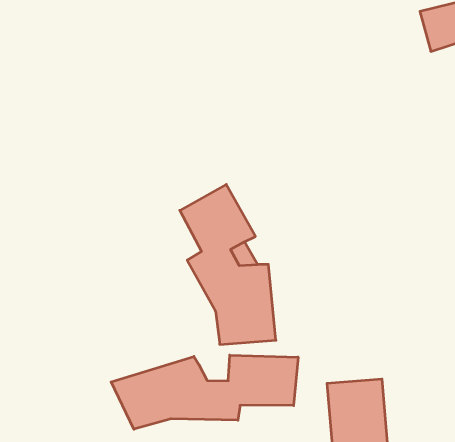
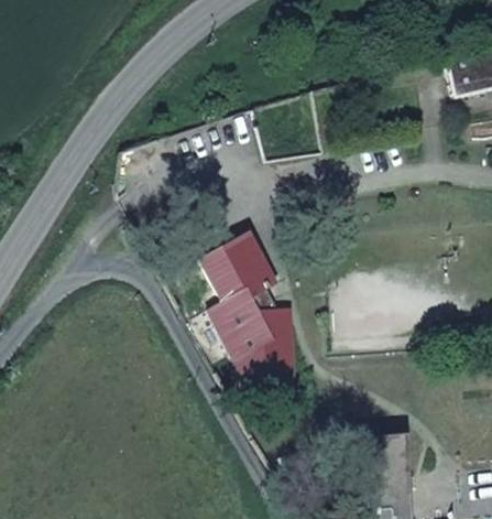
building: [111,355,298,429] -> none

